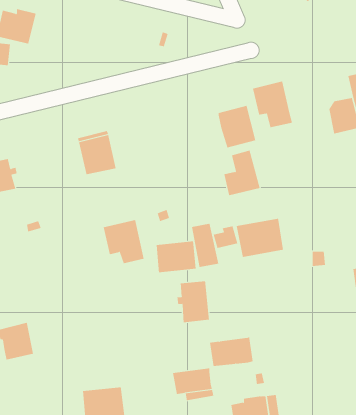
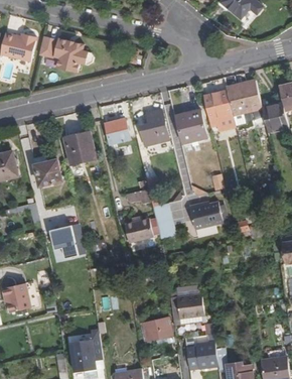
building: none -> [37,36,91,73]
building: none -> [226,80,262,115]
building: none -> [106,119,129,143]
building: [224,150,260,196] -> [140,110,169,146]
building: none -> [33,158,59,182]
building: [103,219,145,264] -> [51,223,85,258]
building: [177,280,210,323] -> none

